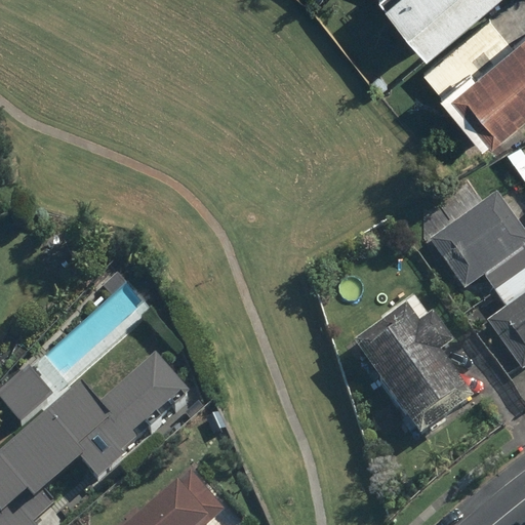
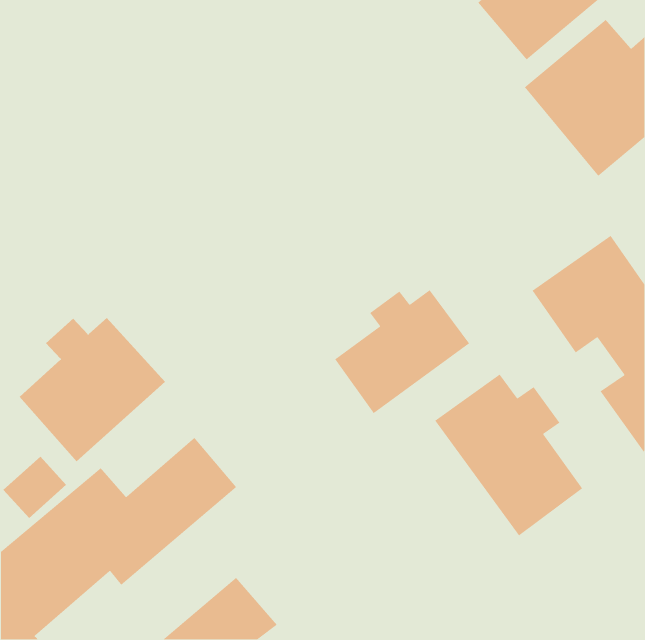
building: none -> [334,289,470,414]
building: none -> [19,317,166,462]

